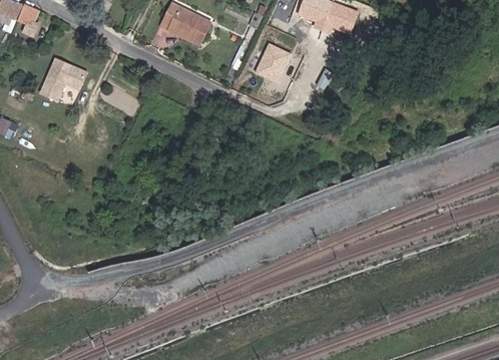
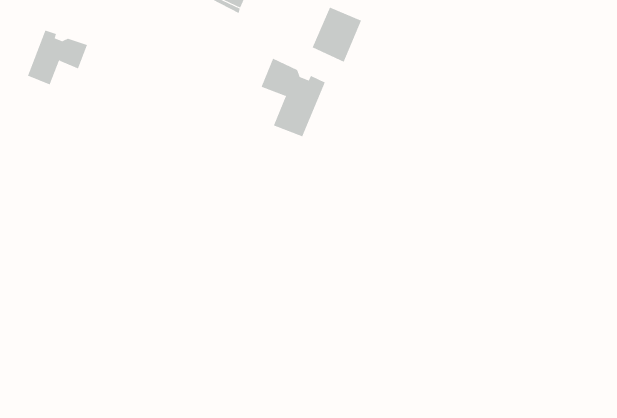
building: none -> [261,58,326,137]

